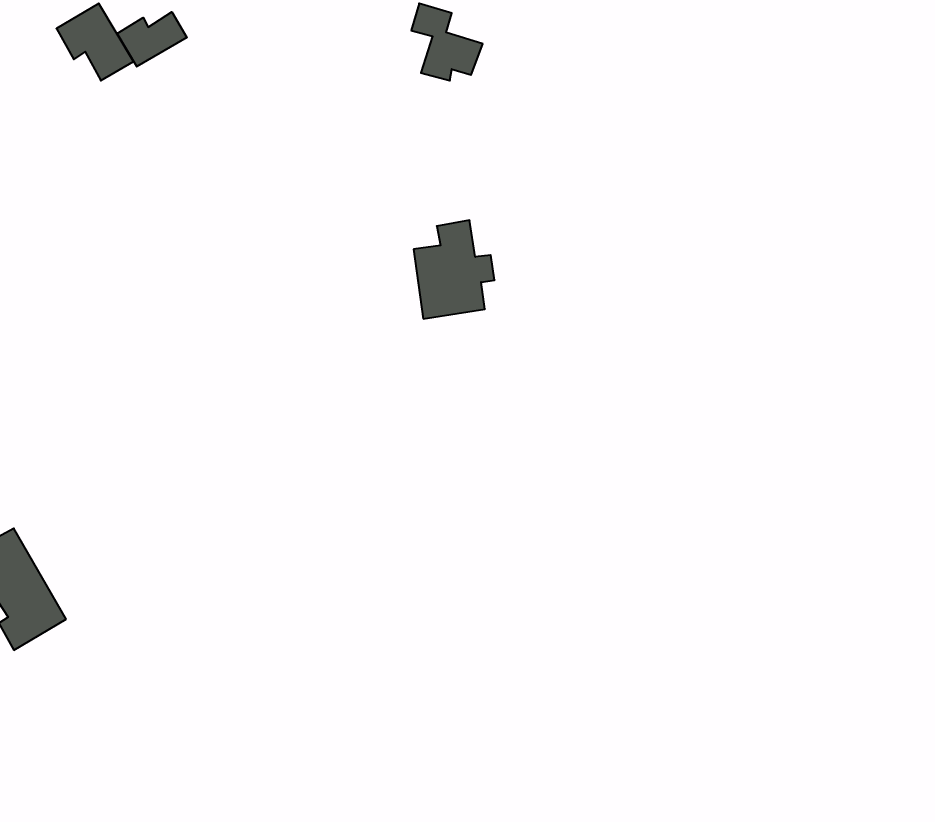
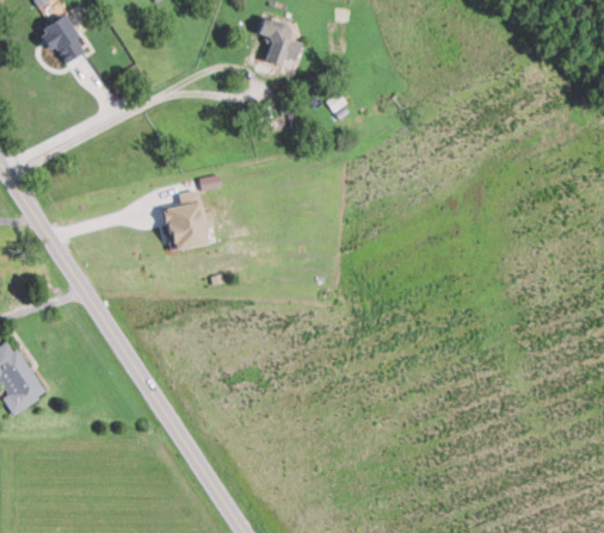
building: [117,12,187,67] -> none
building: [414,220,495,319] -> [165,190,215,250]

